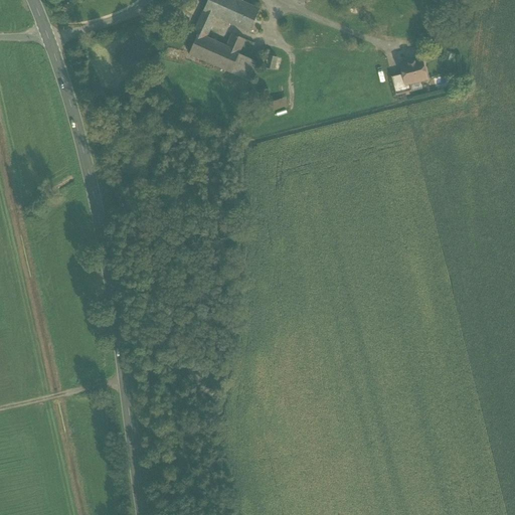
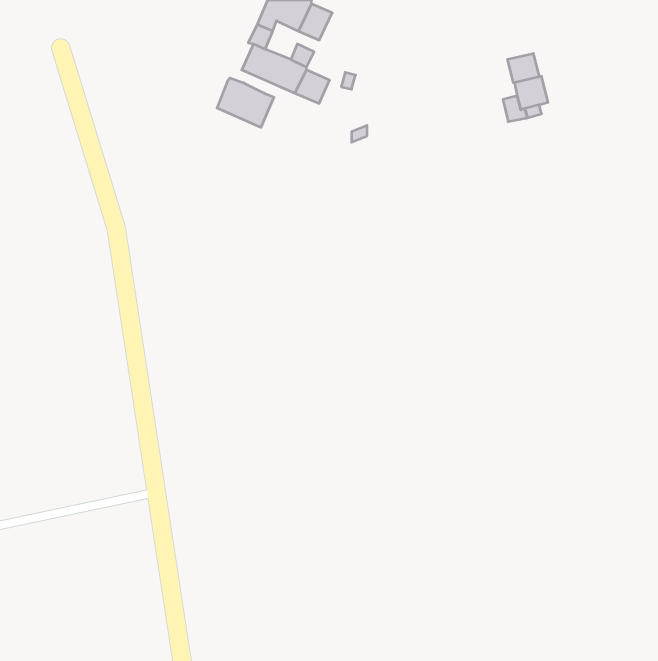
building: none -> [508,53,539,83]
building: none -> [217,78,274,127]

